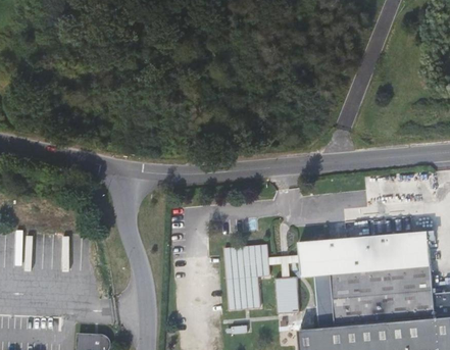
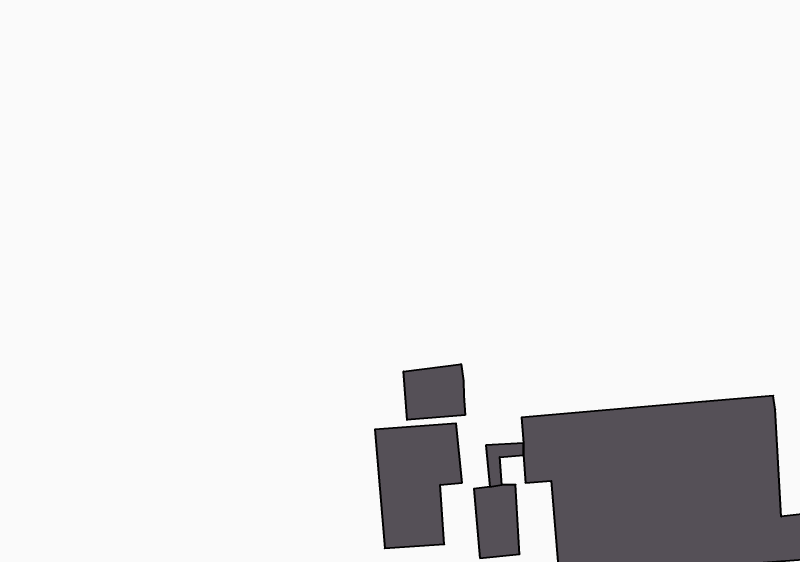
building: none -> [404,364,465,420]

